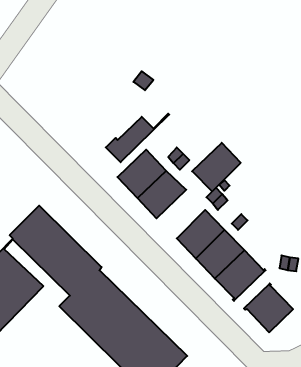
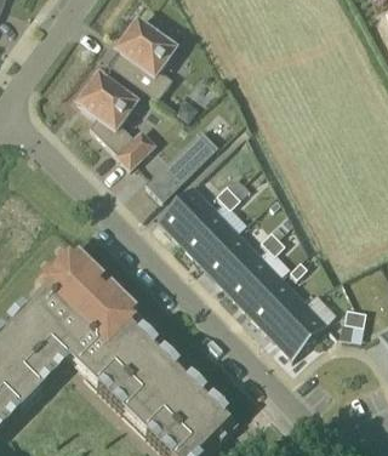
building: none -> [110,22,175,101]
building: none -> [81,75,154,169]
building: [192,143,241,191] -> [204,234,259,290]
building: [244,283,293,332] -> none

